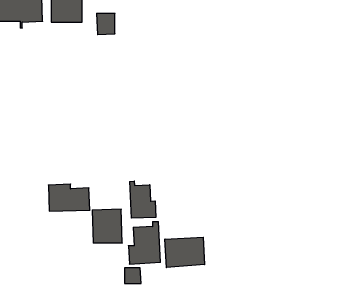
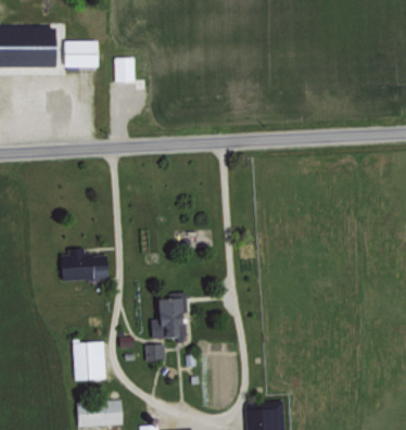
building: [130,181,156,218] -> none
building: [92,209,122,243] -> [73,342,106,380]
building: [165,237,205,268] -> none

